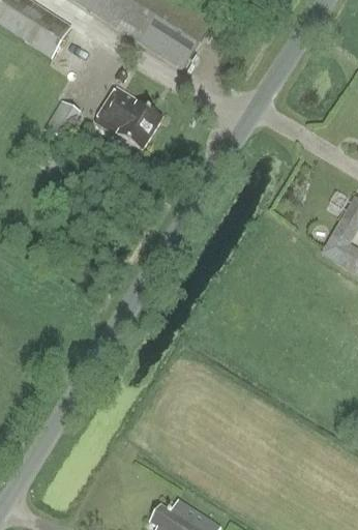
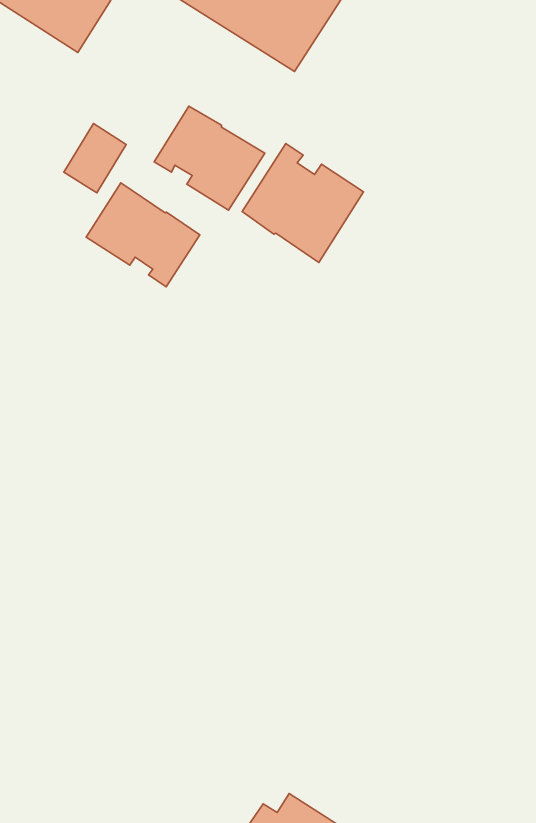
building: none -> [242,144,364,262]
building: none -> [86,183,200,287]

